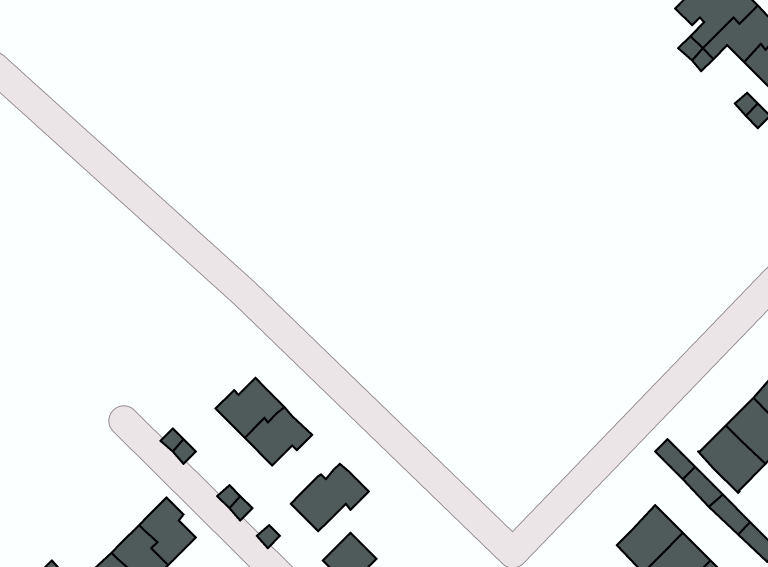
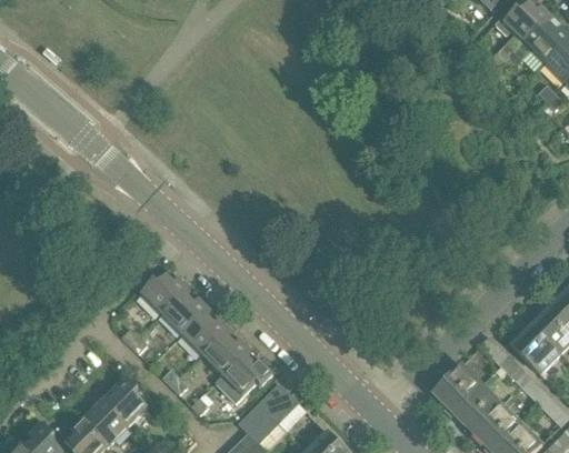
building: none -> [141,268,190,313]
building: none -> [202,332,251,375]
building: none -> [432,364,480,412]
building: none -> [259,383,298,422]

